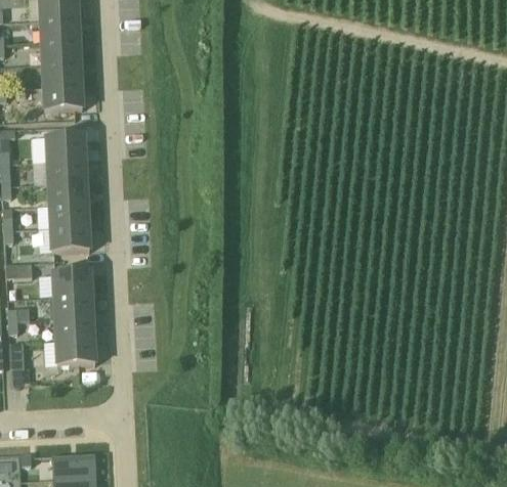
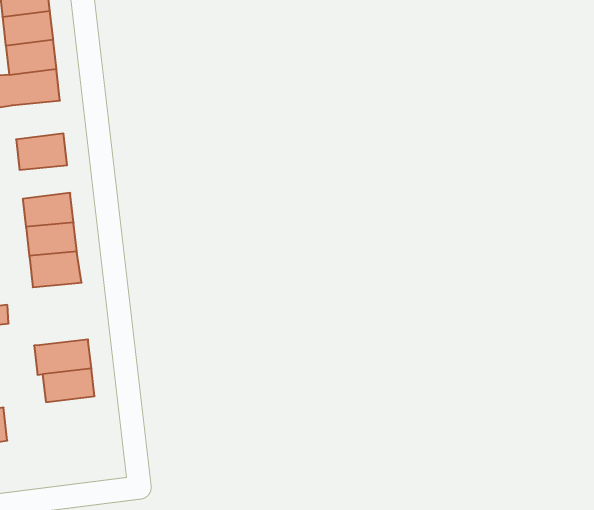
building: [47,158,85,181] -> none
building: [52,269,91,295] -> none
building: [55,337,94,363] -> none

